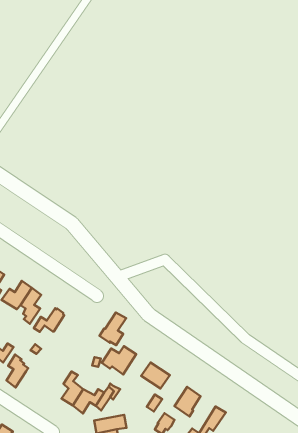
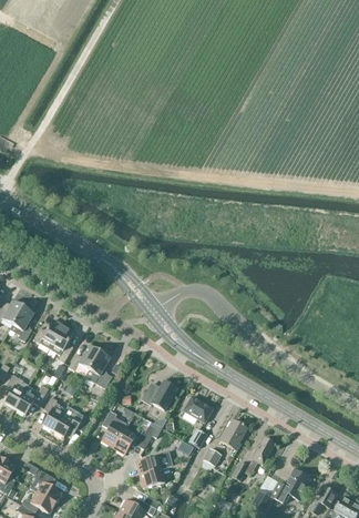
building: [100,312,126,345] -> [83,352,110,386]
building: none -> [52,406,89,437]

